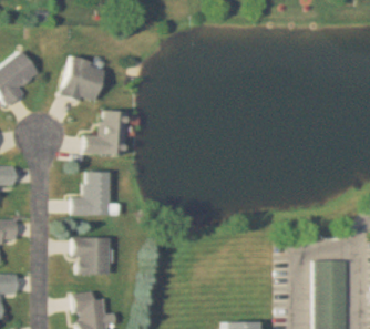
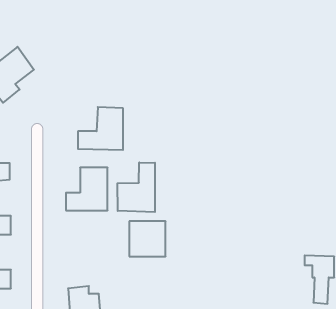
building: [63,56,110,104] -> none
building: none -> [117,162,155,212]
building: [76,238,113,274] -> [129,221,166,256]

